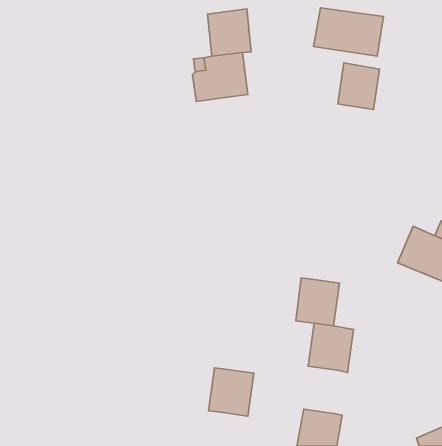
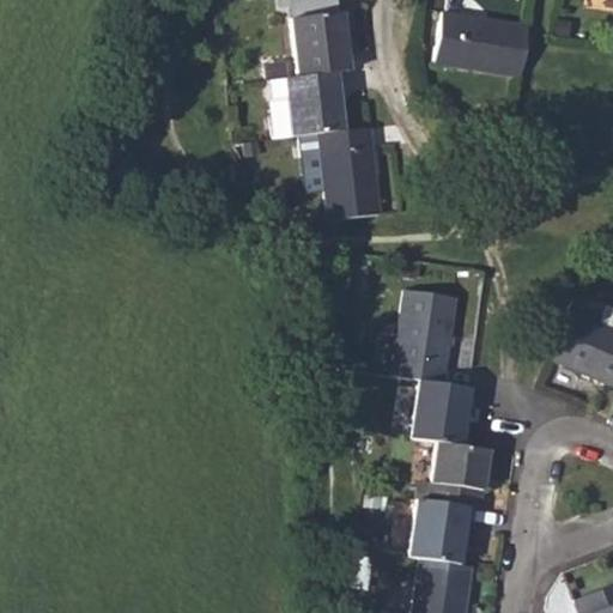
building: [338,63,379,110] -> none
building: none -> [318,126,382,220]
building: none -> [393,290,460,383]
building: [208,368,254,416] -> [409,499,472,565]

